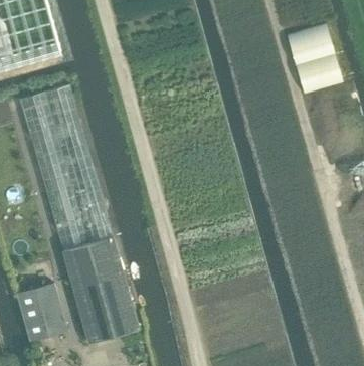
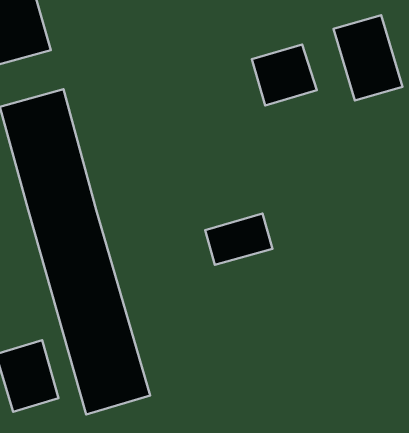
building: none -> [252,44,317,106]
building: none -> [205,213,273,265]

